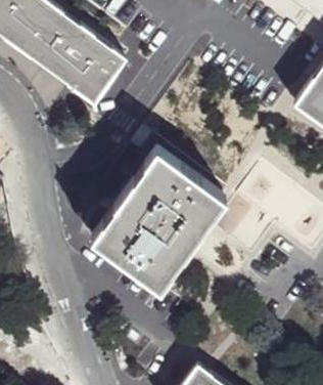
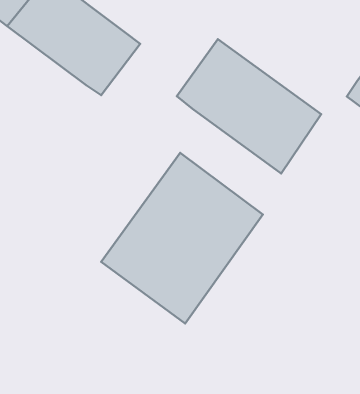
building: none -> [177,39,321,174]

